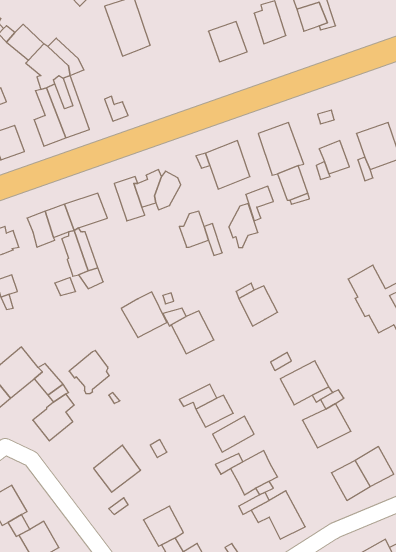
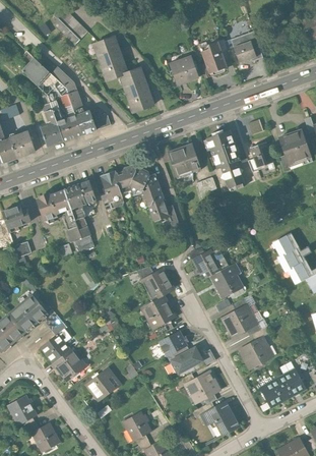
building: none -> [120,68,153,112]
building: none -> [68,91,97,134]
building: [229,203,258,248] -> [141,173,163,206]
building: [121,292,167,338] -> [141,294,175,328]
building: none -> [211,262,244,297]
building: [69,350,109,393] -> [53,348,82,380]

